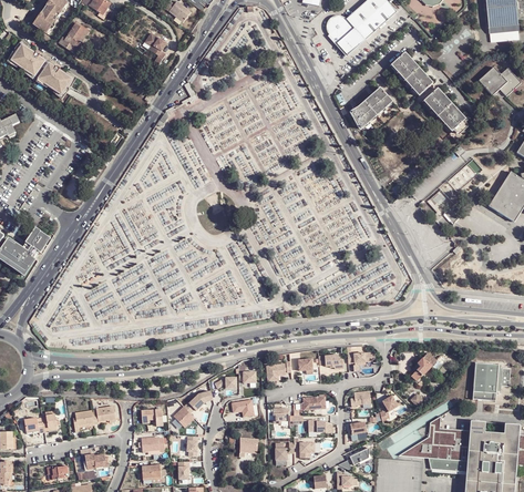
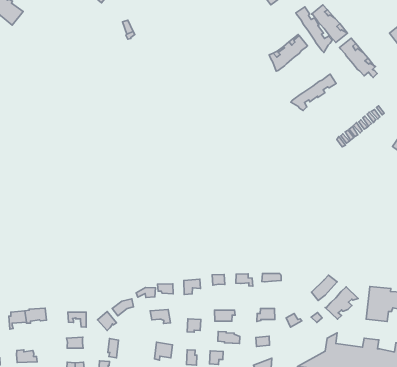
building: none -> [296,7,332,52]
building: none -> [291,74,336,110]
building: none -> [325,287,358,319]

